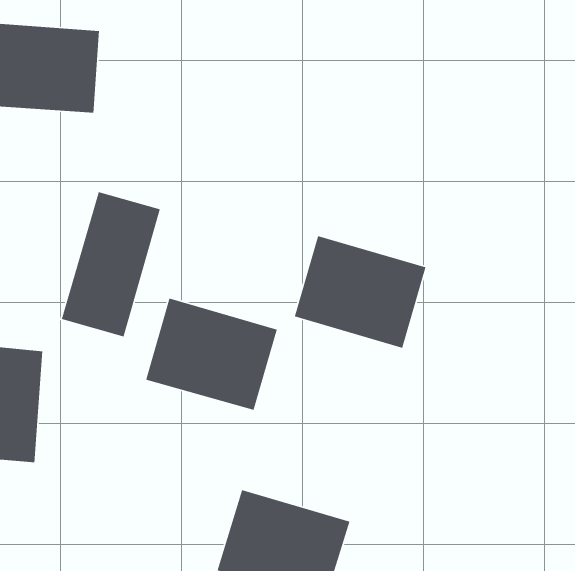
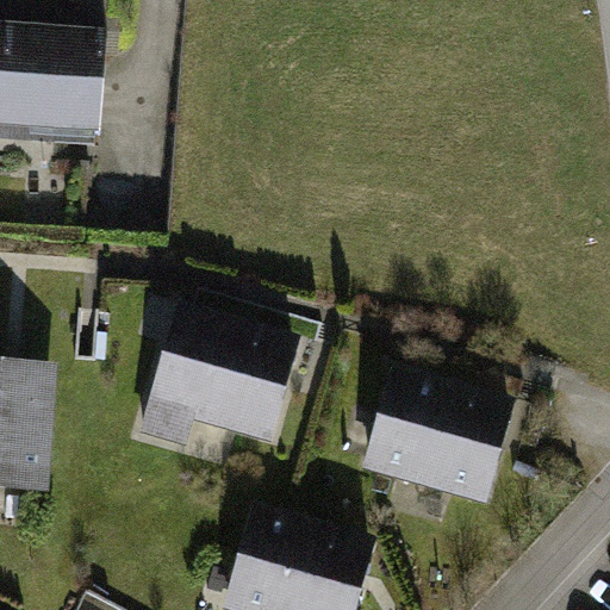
building: [61,191,161,338] -> none
building: [294,235,427,349] -> [368,384,508,503]

